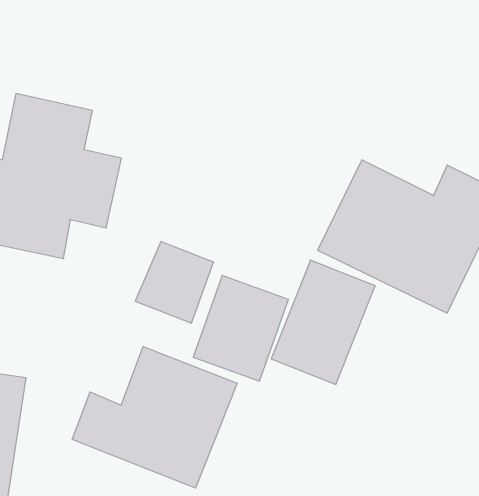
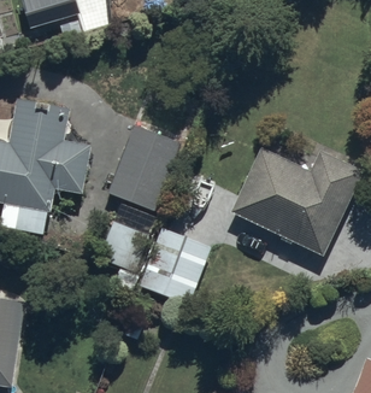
building: [271,260,375,384] -> [108,124,182,212]
building: [72,346,237,488] -> none

